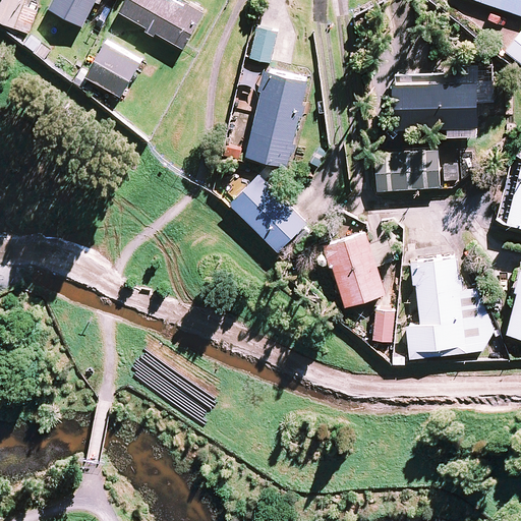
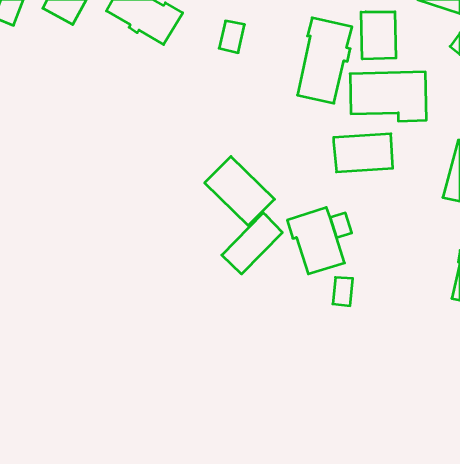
building: none -> [361,12,396,59]
building: [85,43,141,98] -> none
building: [246,71,307,167] -> [297,18,352,103]
building: none -> [222,213,282,274]
building: [406,257,495,358] -> none

